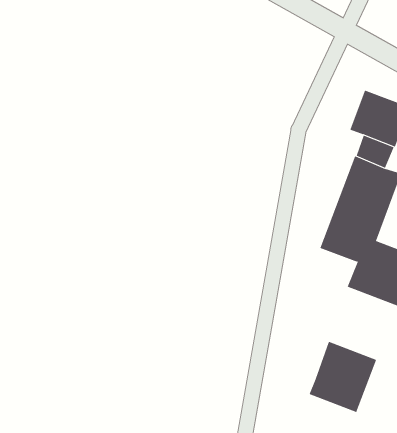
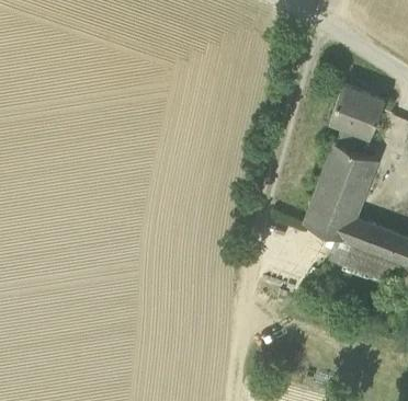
building: [309,341,377,413] -> none

